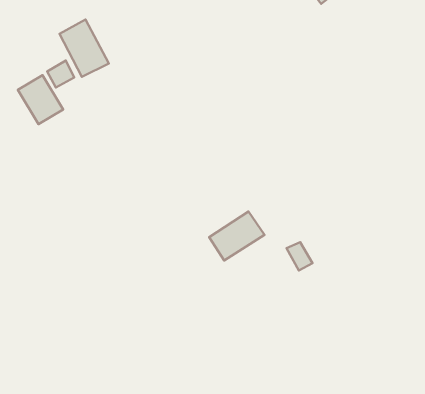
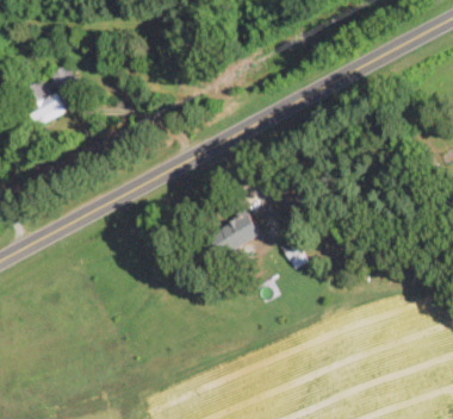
building: [59,20,109,77] -> none

